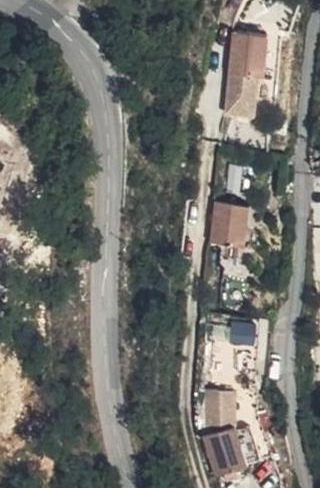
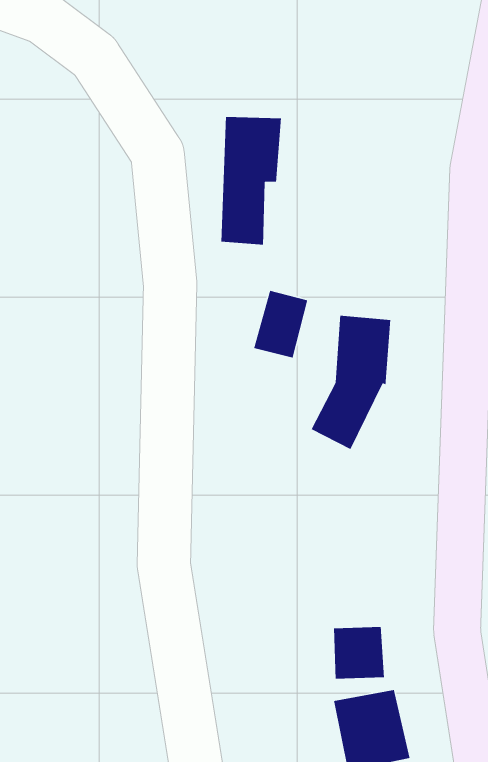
building: [222,37,260,117] -> [220,116,282,245]
building: none -> [253,290,308,358]

